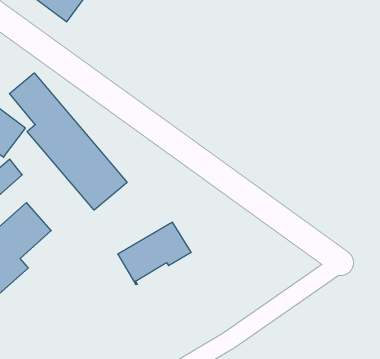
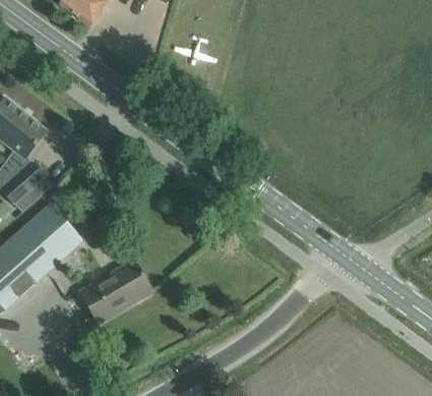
building: [9,73,127,210] -> none
building: [118,222,191,284] -> [79,262,151,323]

